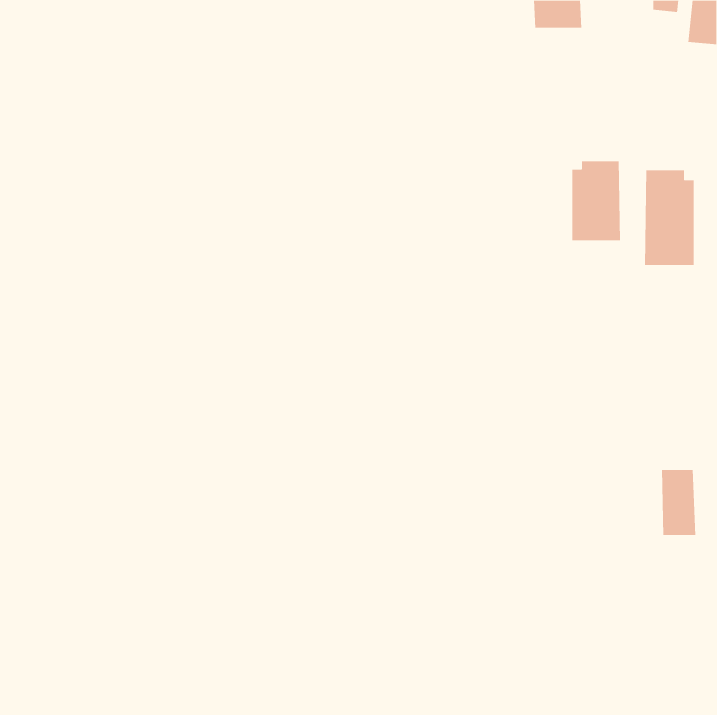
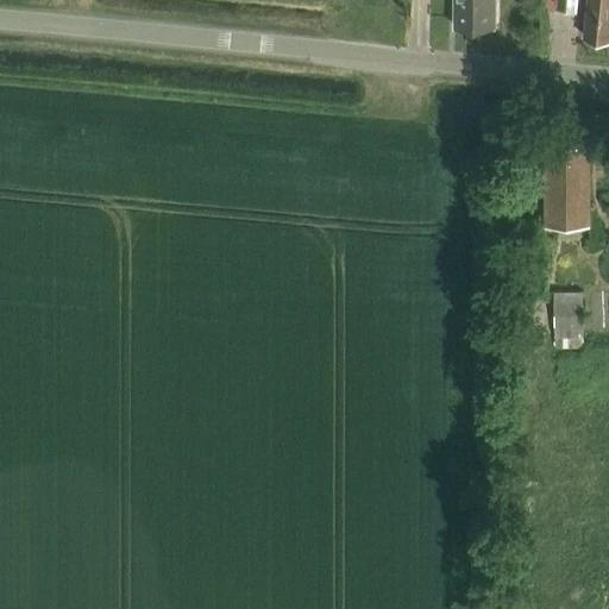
building: [572,160,621,241] -> none
building: [661,469,696,535] -> [555,293,585,349]

